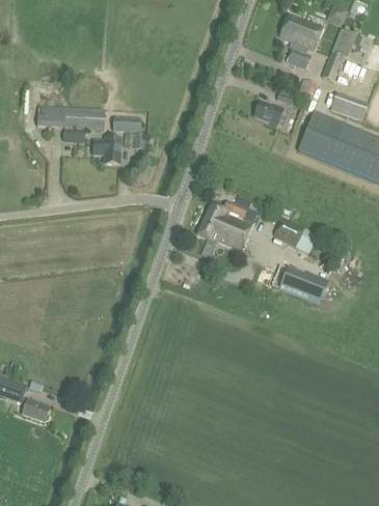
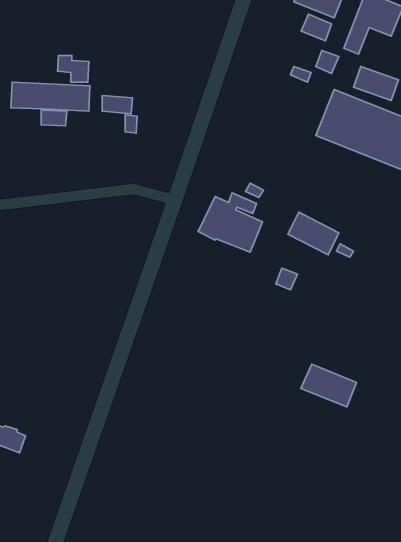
building: [254,100,283,123] -> none
building: [93,140,120,163] -> [57,55,89,82]
building: [279,266,327,303] -> [301,364,357,407]

